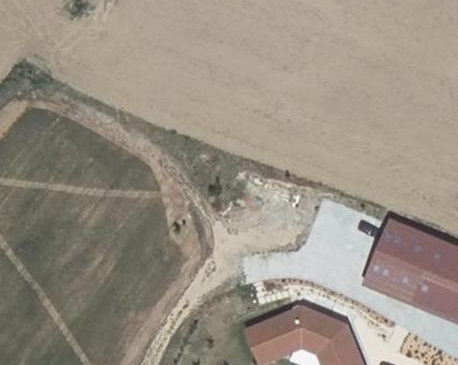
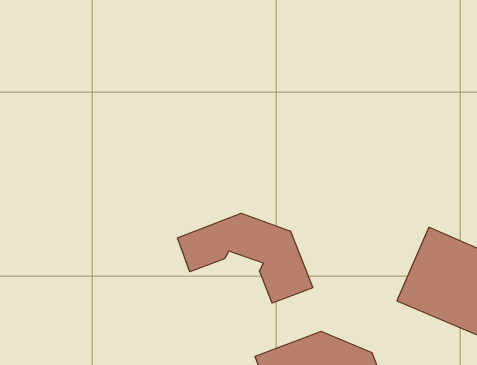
building: none -> [177,213,313,303]

